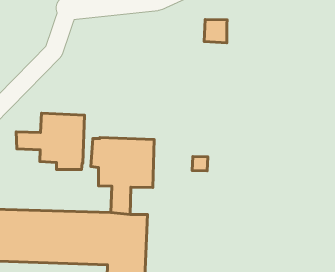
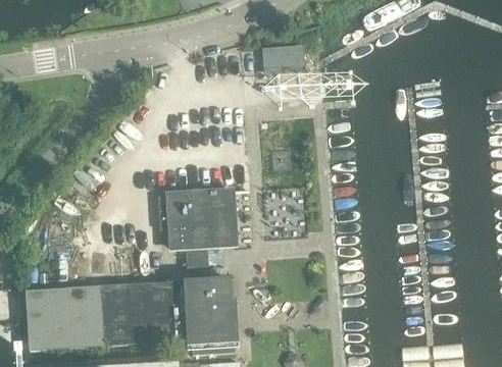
building: [16,113,85,169] -> none

